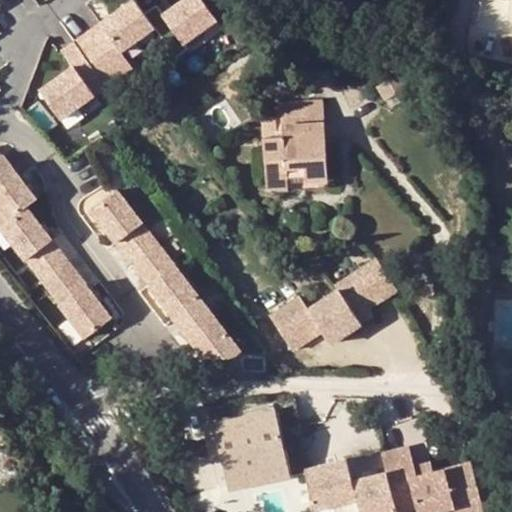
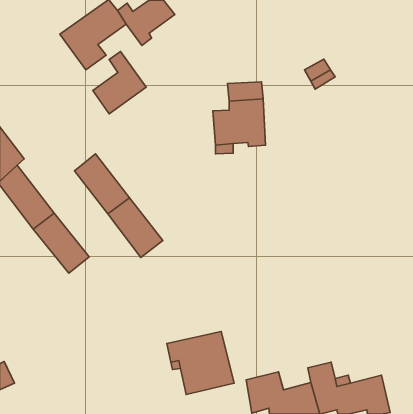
building: [40,42,106,119] -> [93,52,146,114]
building: [270,257,398,349] -> none
building: [174,297,242,357] -> none

